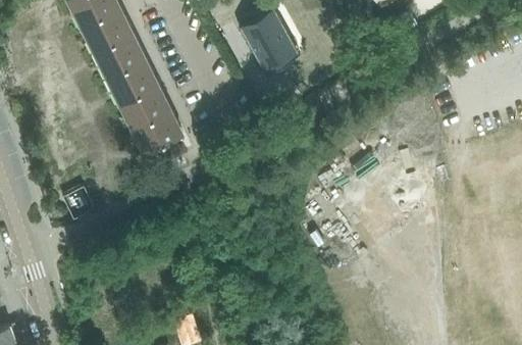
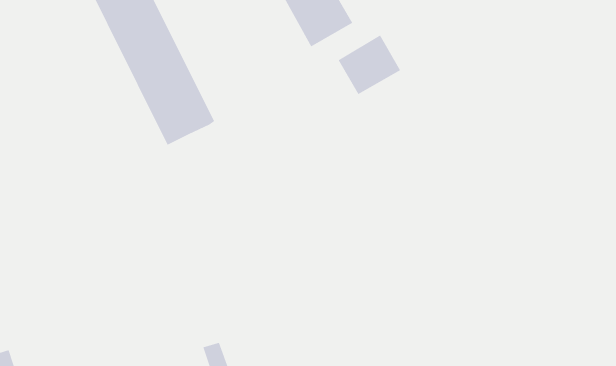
building: none -> [338,35,401,95]

